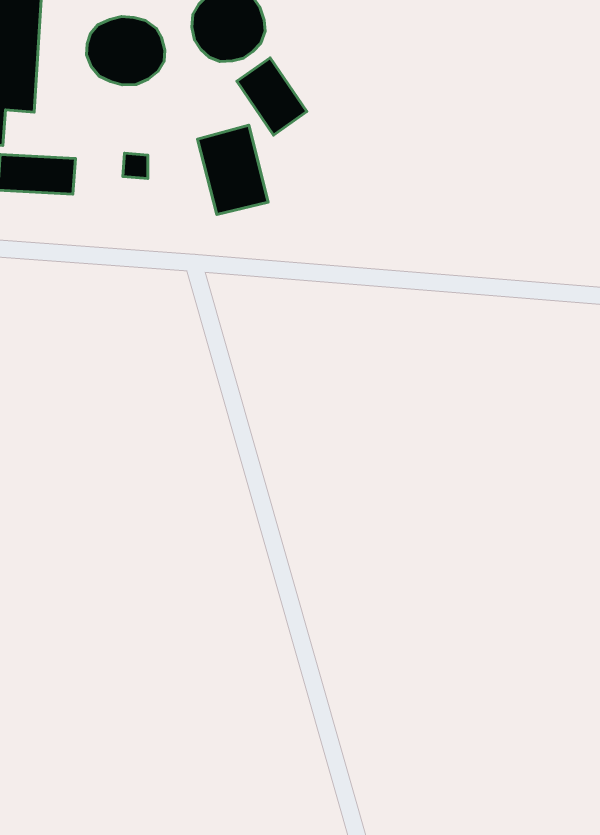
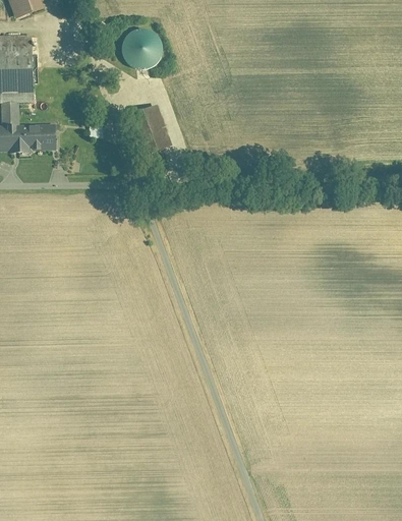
building: [87,17,165,85] -> none
building: [237,58,307,135] -> none

